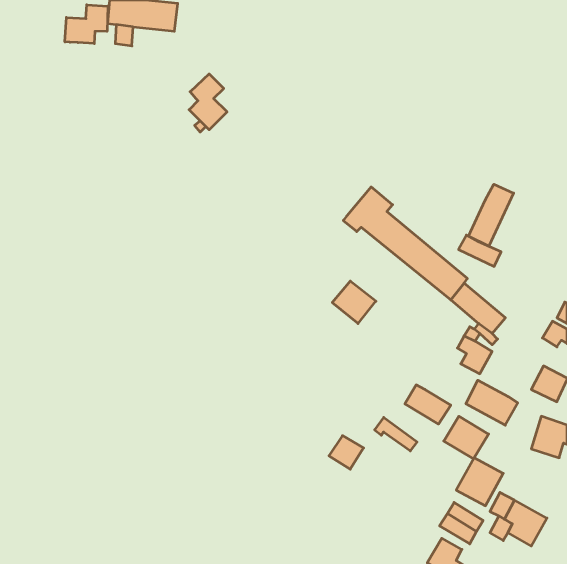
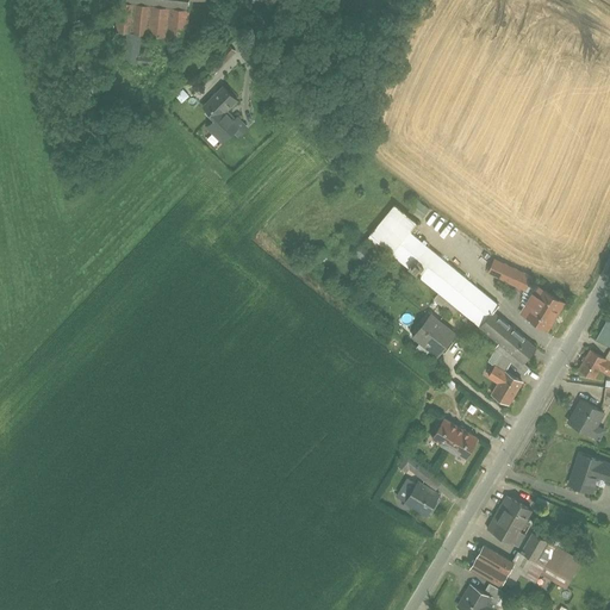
building: [65,5,108,44] -> none
building: [469,184,514,246] -> none
building: none -> [519,285,566,331]
building: [332,281,376,324] -> [411,313,458,359]
building: [466,380,518,425] -> none
building: [444,416,489,459] -> none
building: [329,436,364,469] -> [404,480,441,516]

